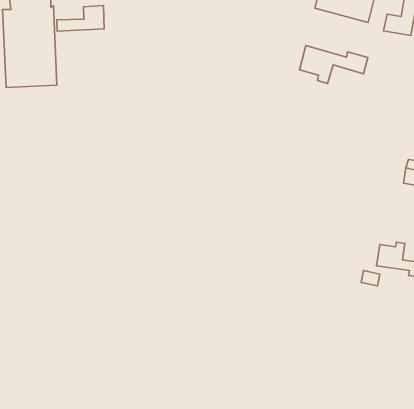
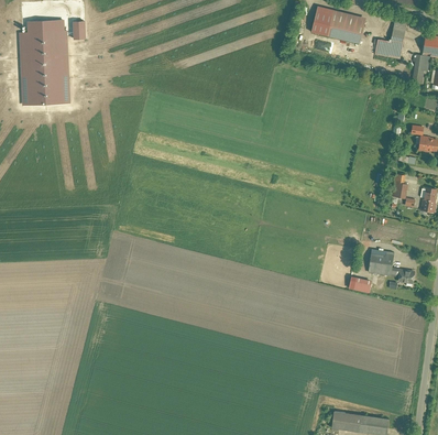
building: [57,5,104,31] -> none
building: [299,46,368,84] -> none

